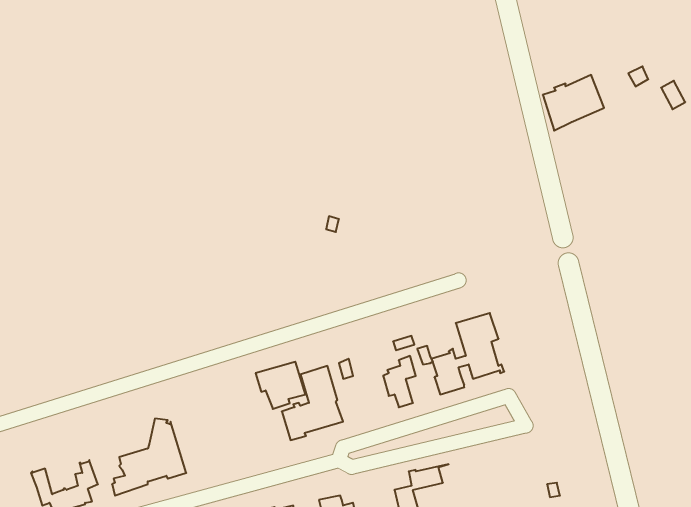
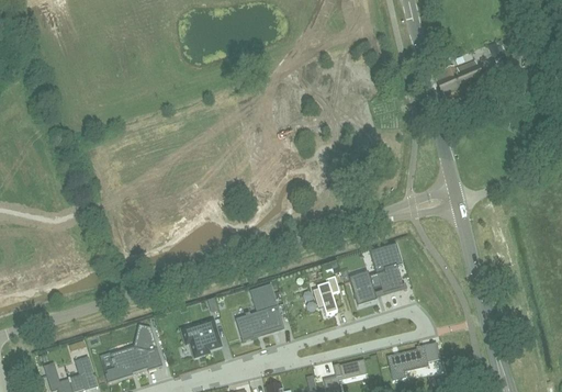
building: [256,362,305,409] -> [182,318,221,355]
building: none -> [387,344,428,379]

